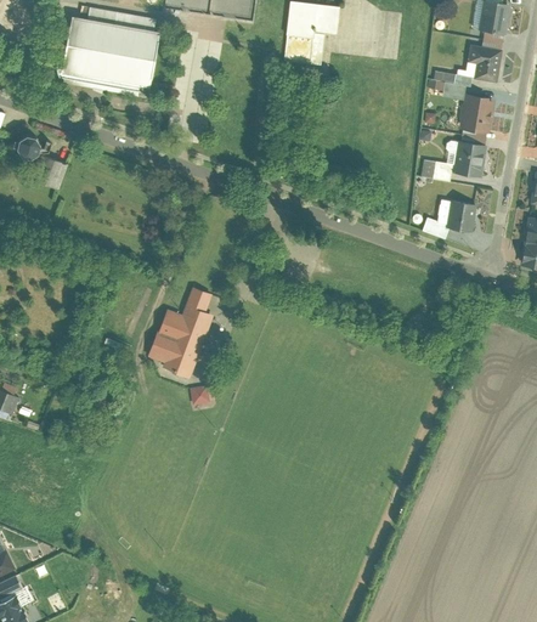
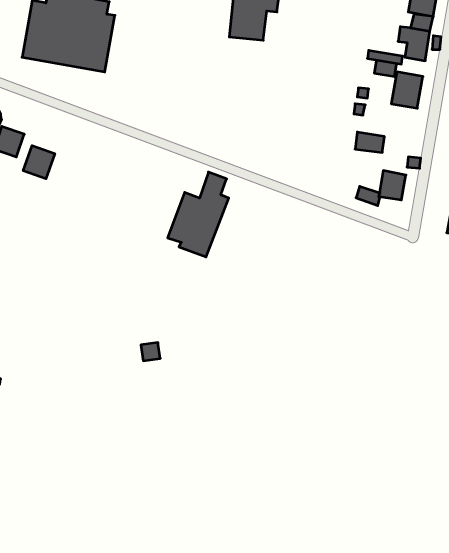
building: [451,142,484,179] -> none
building: none -> [23,146,55,179]
building: [148,288,214,379] -> [168,172,229,257]

